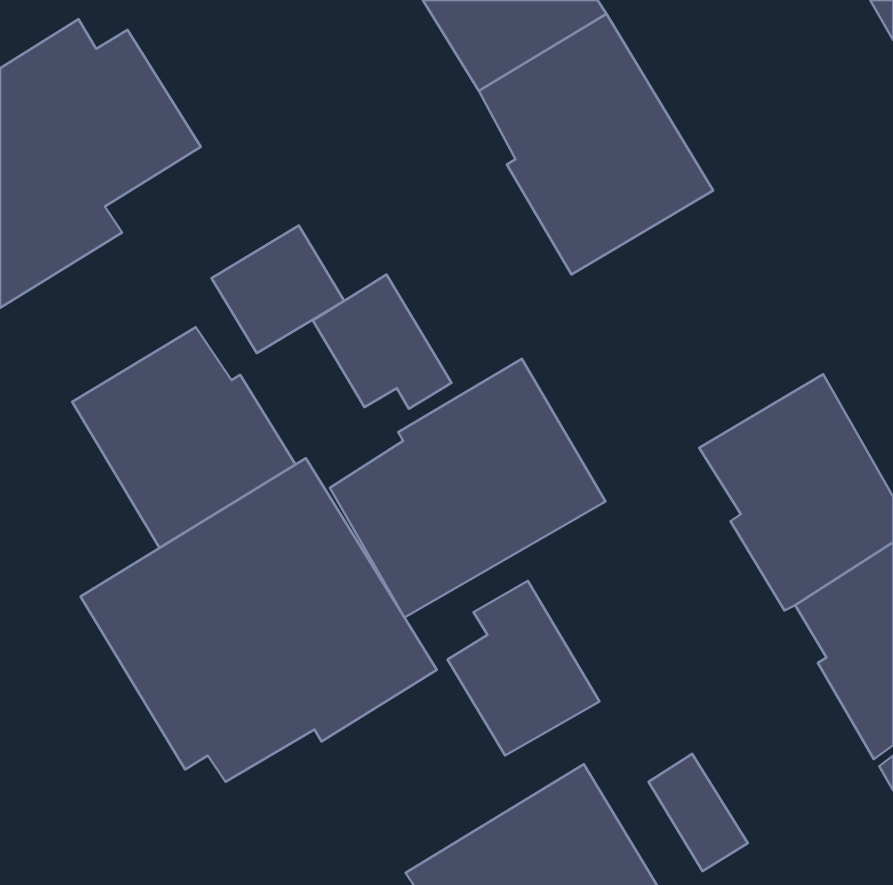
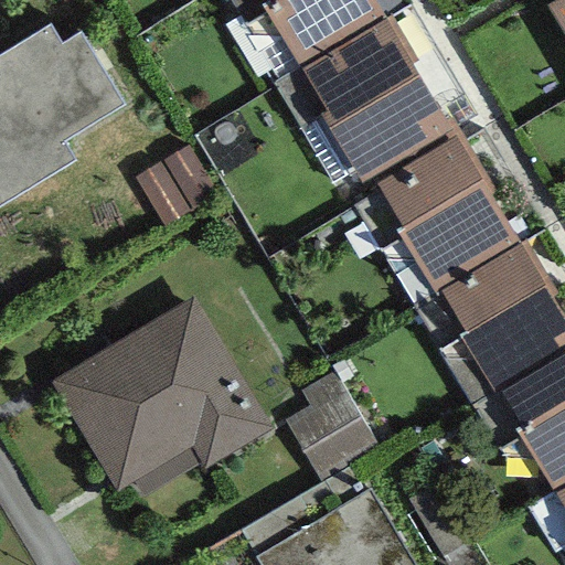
building: none -> [375,135,520,291]
building: [313,275,451,409] -> none
building: [72,327,296,548] -> none
building: [330,359,605,618] -> none

